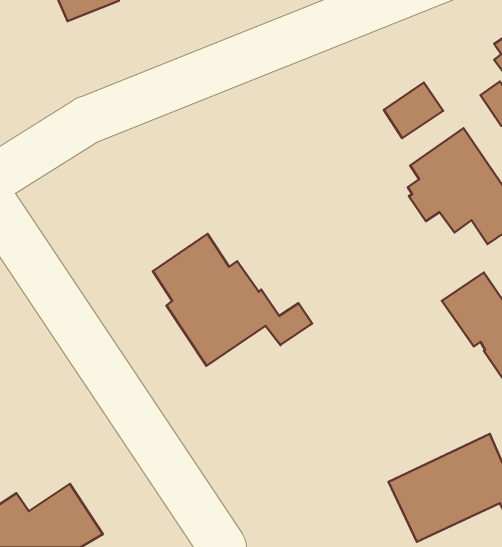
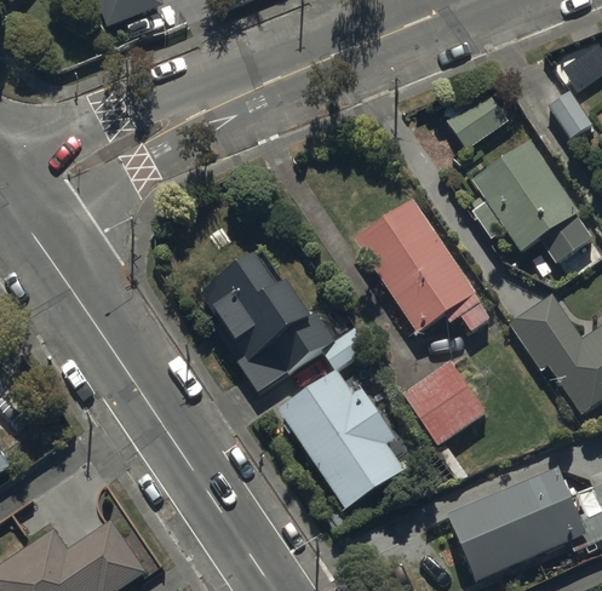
building: none -> [355,199,492,332]
building: none -> [401,360,485,443]
building: none -> [277,369,406,509]

